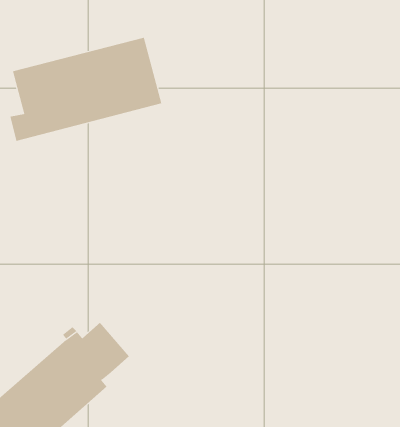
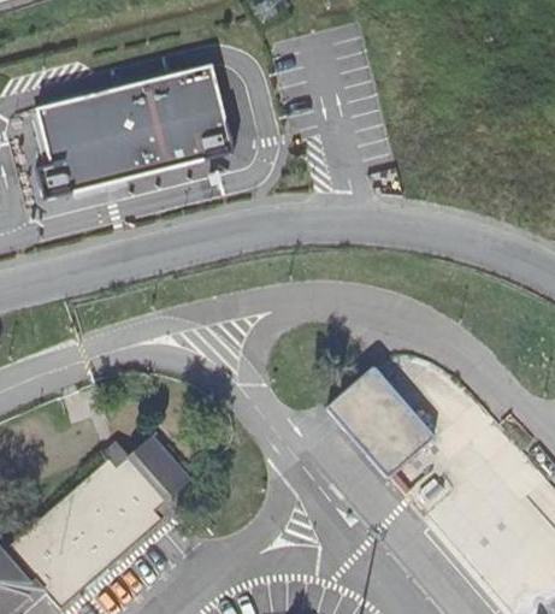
building: none -> [325,367,433,477]

